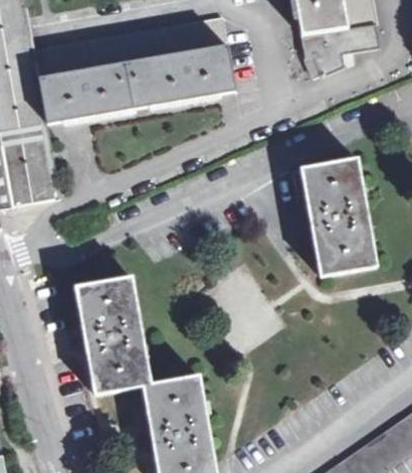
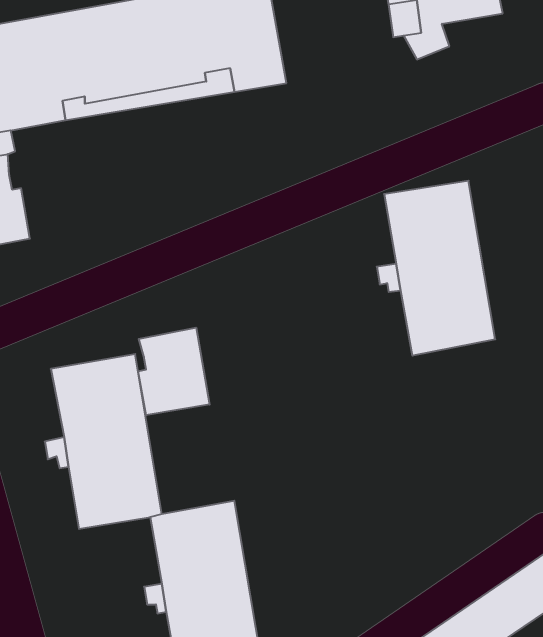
building: none -> [138,328,210,415]

